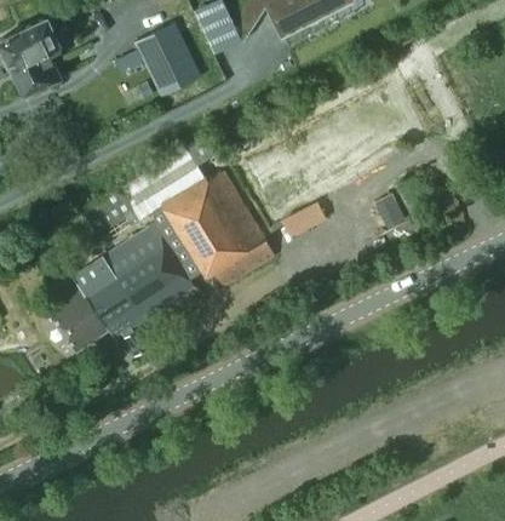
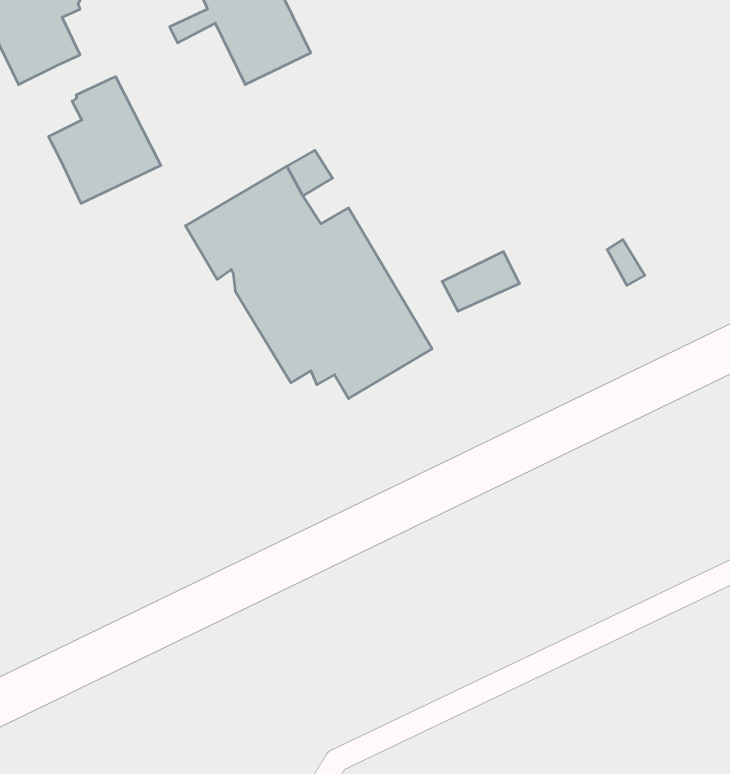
building: none -> [49,77,161,203]
building: [51,228,195,356] -> none

